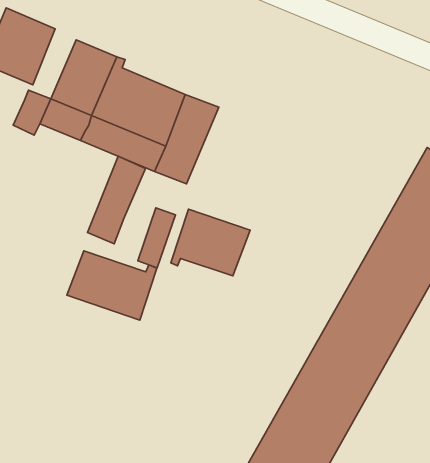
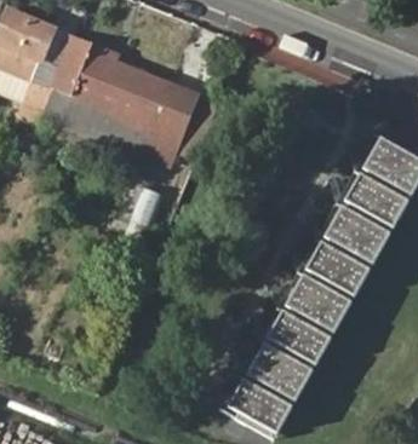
building: [88,156,145,244] -> none
building: [171,209,250,276] -> none
building: [67,251,157,320] -> none

